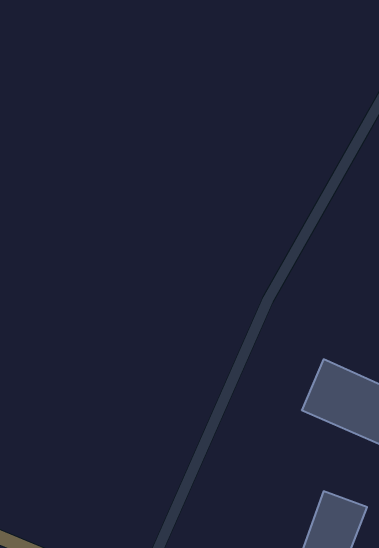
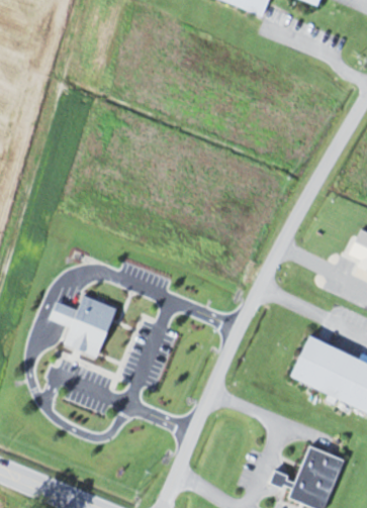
building: none -> [49,304,121,369]

